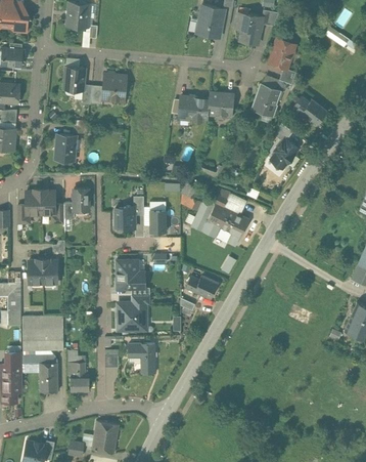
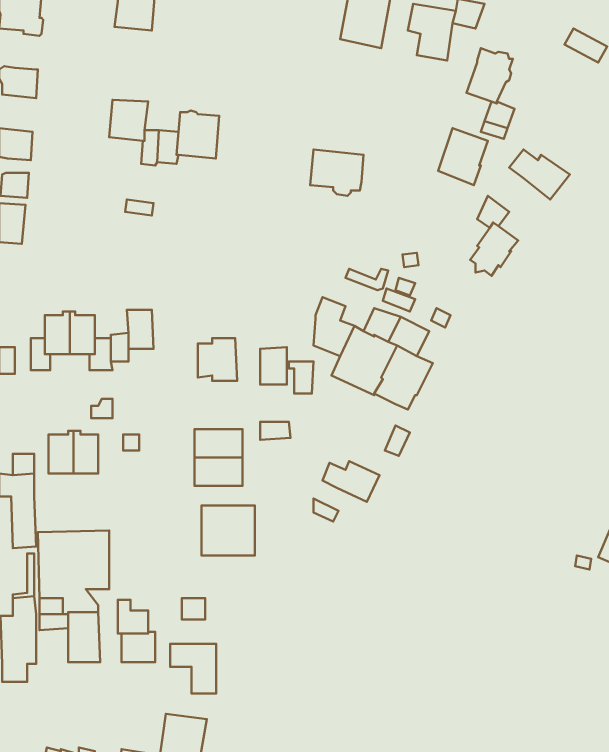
building: [209,93,234,118] -> none
building: [54,134,76,161] -> none
building: [129,344,155,373] -> [170,644,216,694]

